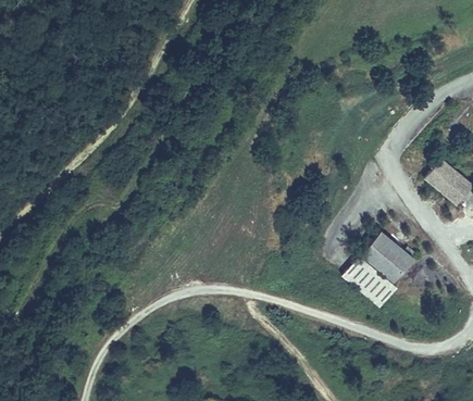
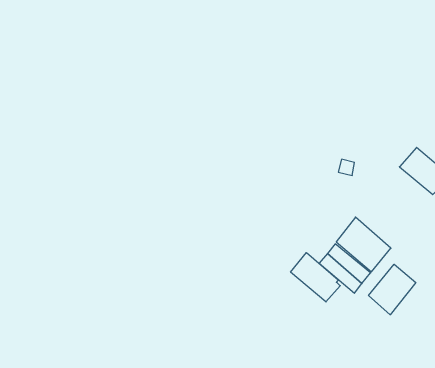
building: none -> [291,253,340,302]
building: none -> [369,264,416,315]

